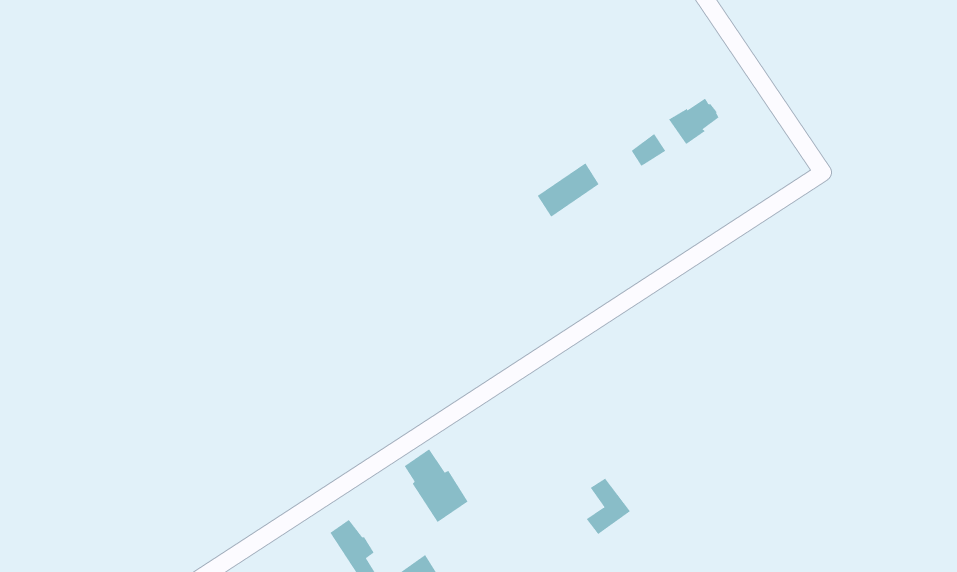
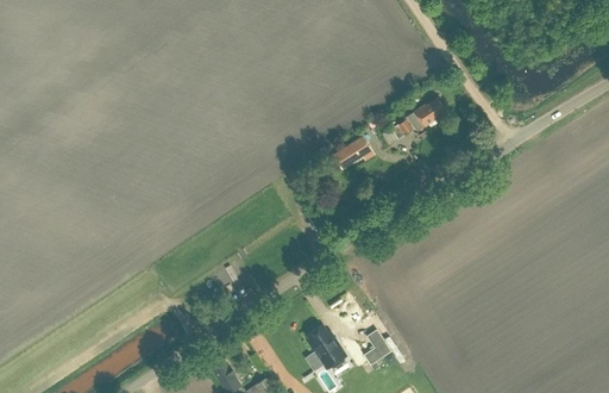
building: [404,448,469,523] -> [307,324,346,369]

